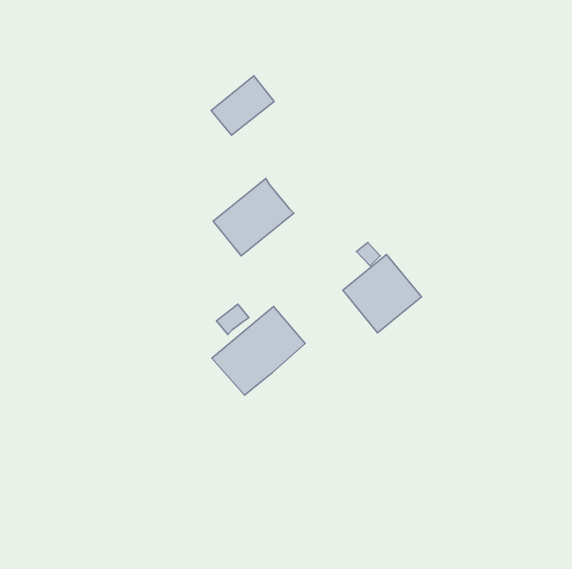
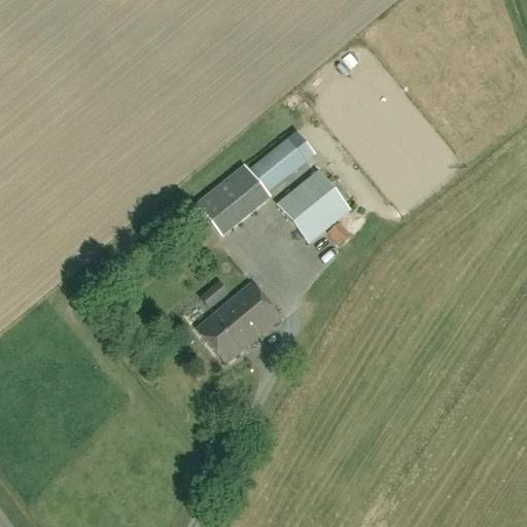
building: [211,76,274,135] -> [248,137,306,191]
building: [343,254,421,333] -> [278,170,350,242]

